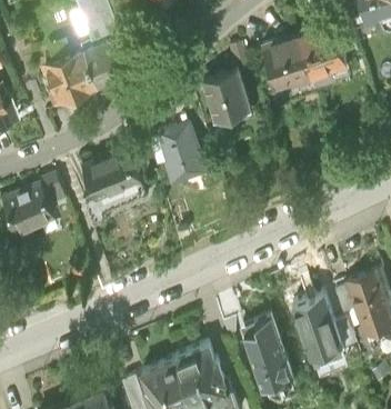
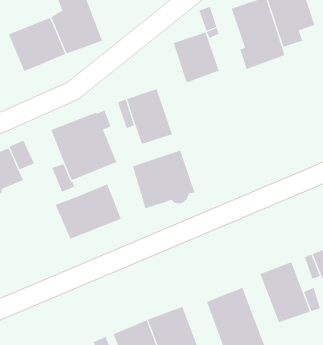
building: none -> [132,150,195,209]
building: none -> [55,183,122,239]

